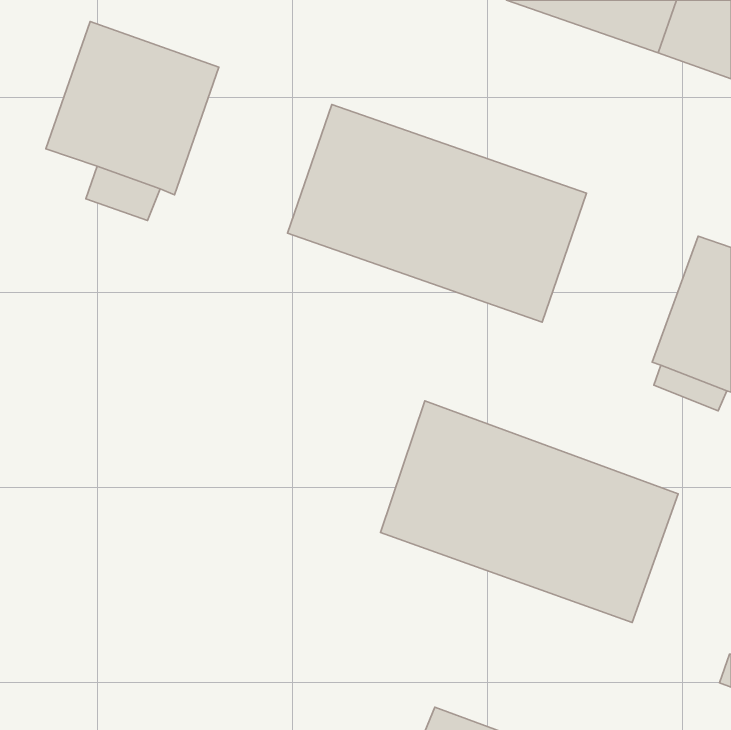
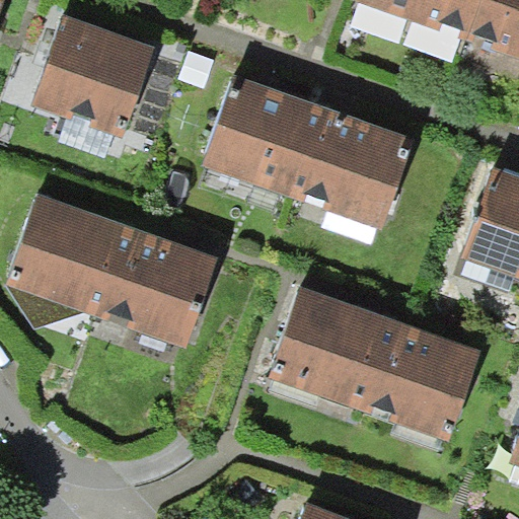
building: none -> [6,195,218,350]

